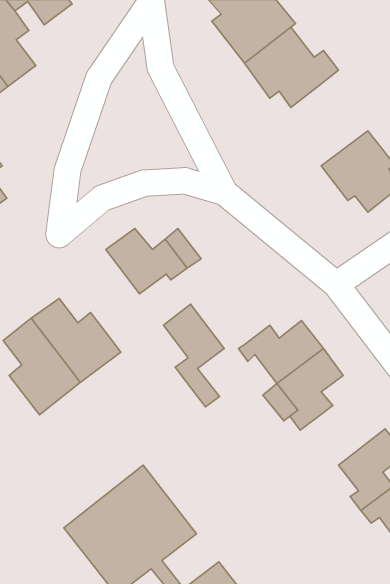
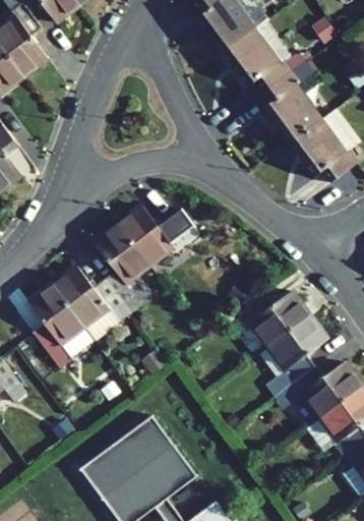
building: none -> [274,78,342,151]
building: [164,304,224,407] -> [89,224,142,313]
building: none -> [283,357,357,412]

